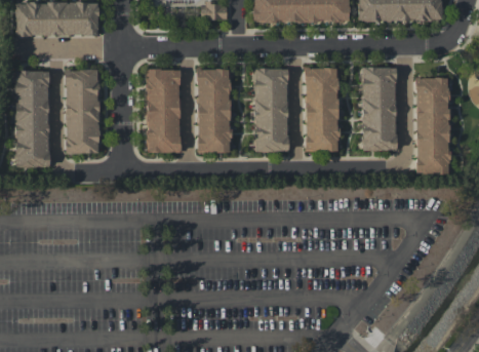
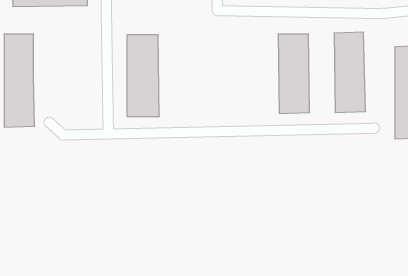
building: [253,68,287,152] -> none
building: [196,69,229,153] -> none
building: [74,73,108,157] -> none

